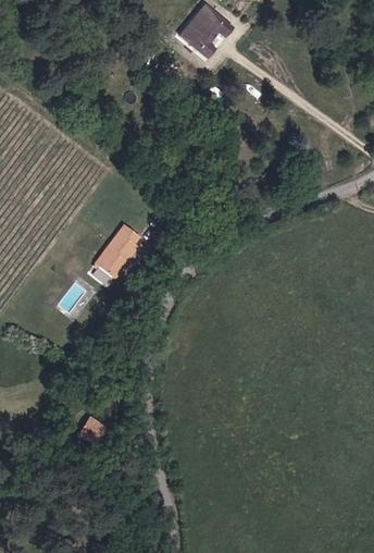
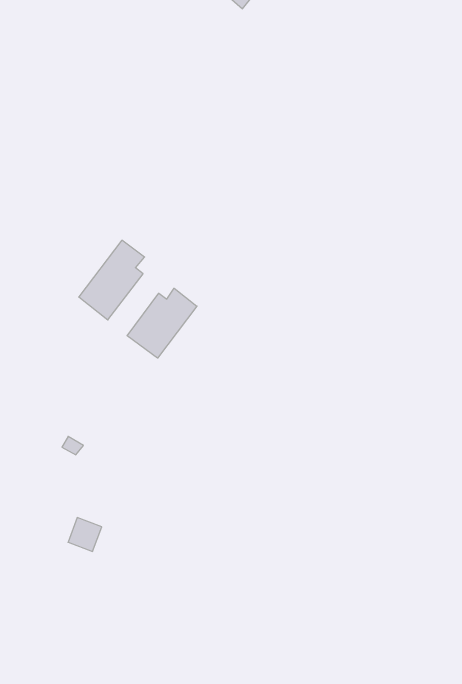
building: none -> [127,288,197,358]

